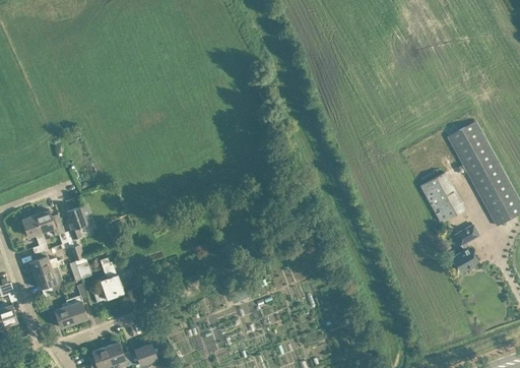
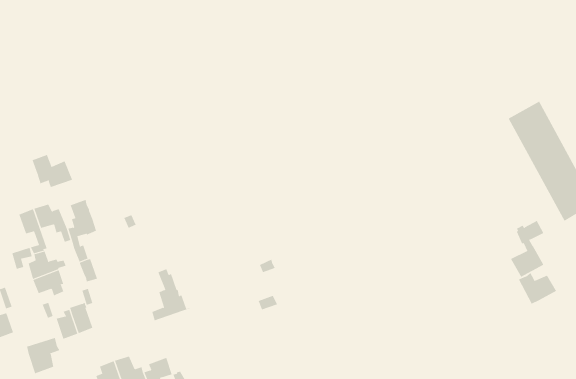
building: none -> [32,154,73,188]
building: [419,173,464,223] -> none
building: [93,257,127,303] -> [152,269,190,321]
building: none -> [518,272,557,304]
building: none -> [26,337,60,374]

